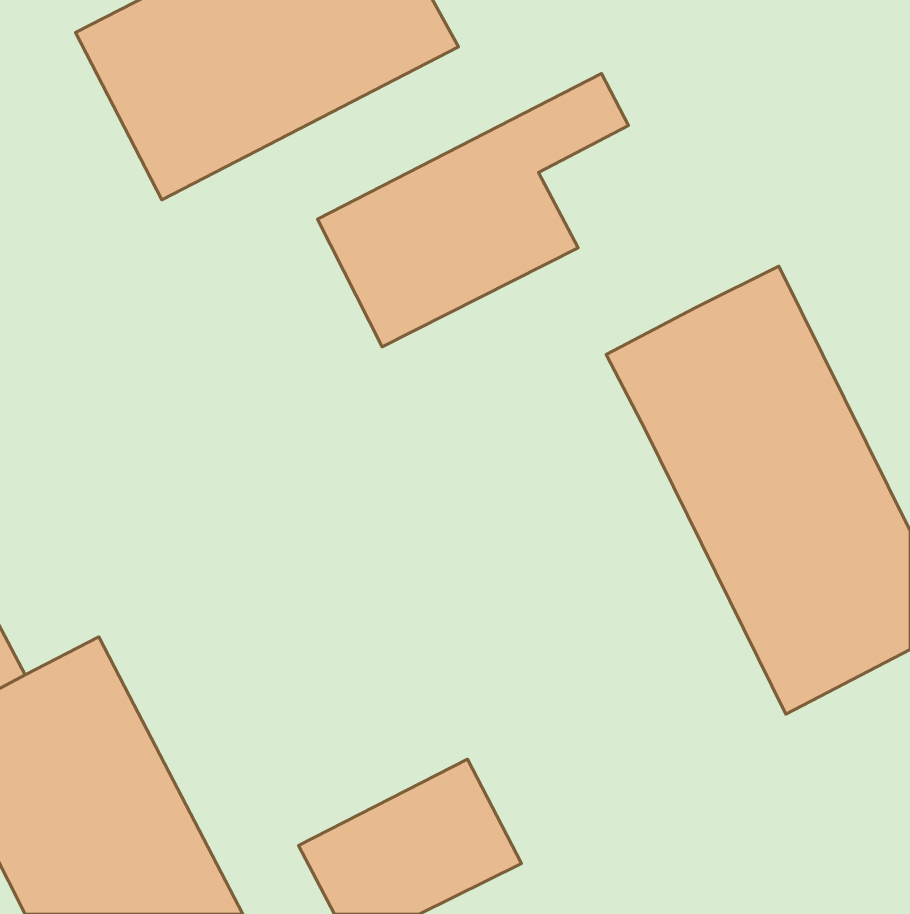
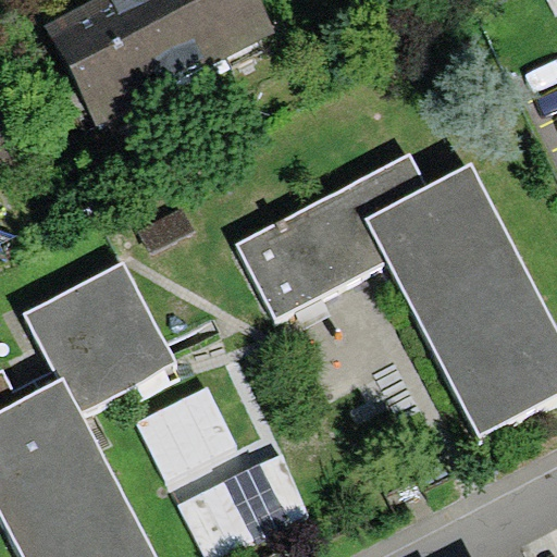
building: [317,73,629,347] -> [233,154,421,320]
building: none -> [24,267,177,421]
building: none -> [139,396,240,492]

